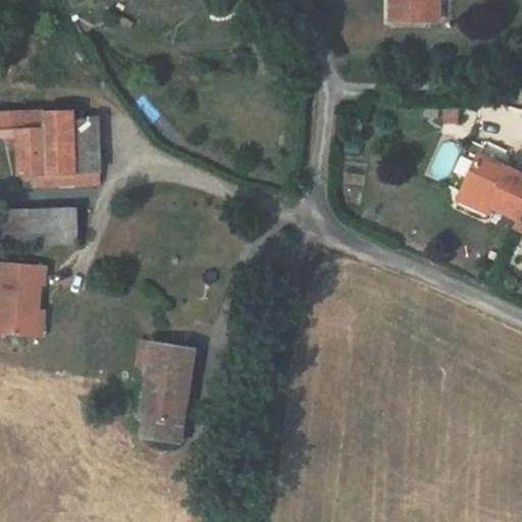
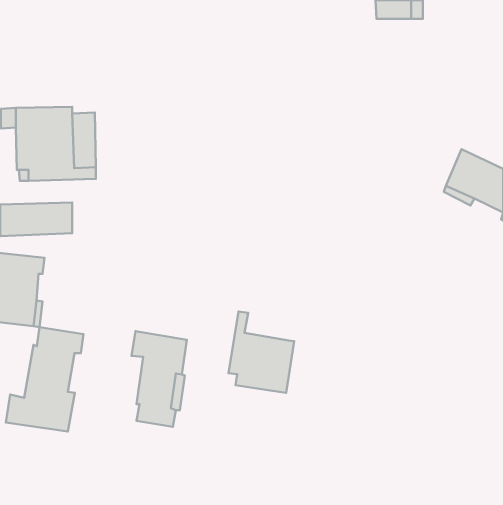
building: none -> [228,312,294,393]
building: none -> [6,327,84,432]

